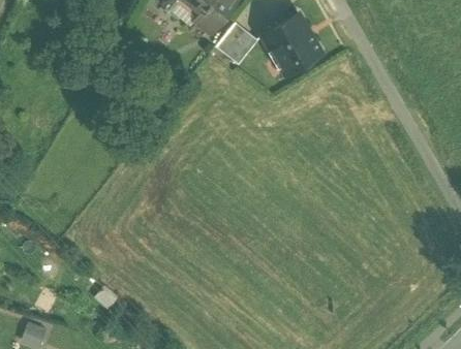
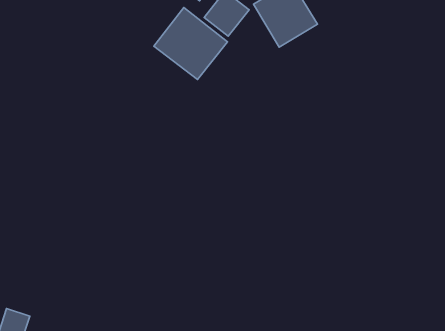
building: none -> [154,7,227,79]

